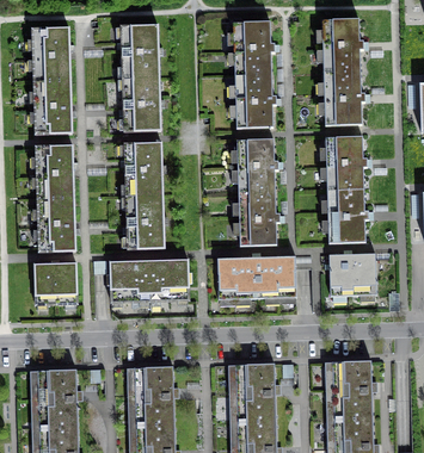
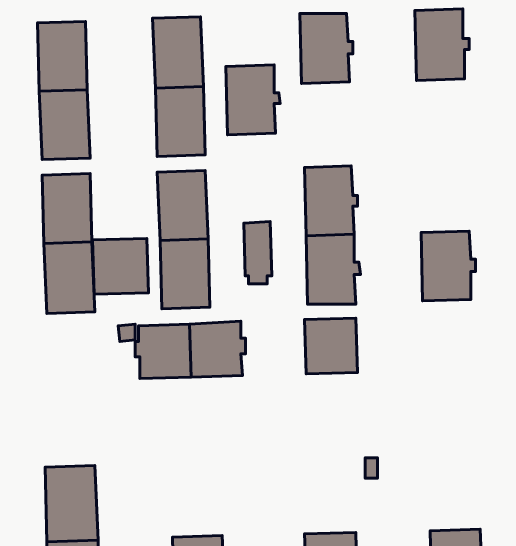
building: [322,72,364,125] -> none
building: [234,74,276,128] -> [226,65,280,135]
building: [325,136,367,190] -> none
building: [328,253,375,294] -> none
building: [276,255,296,297] -> none
building: [216,256,238,304] -> [244,222,272,284]
building: [33,261,76,304] -> [93,238,149,294]
building: [331,359,371,418] -> none
building: [235,362,276,421] -> none
building: [134,365,173,423] -> none

